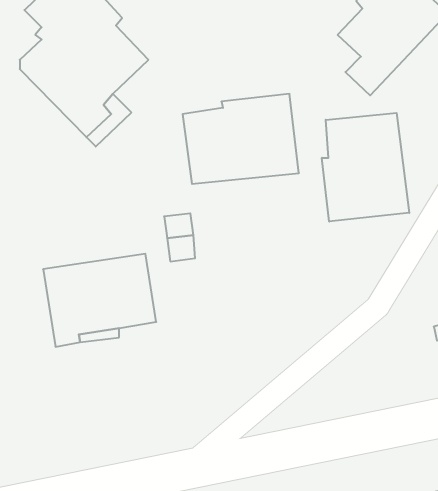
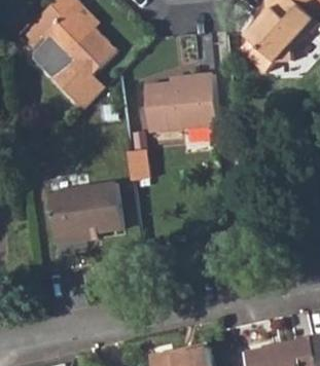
building: [322,113,409,222] -> none

